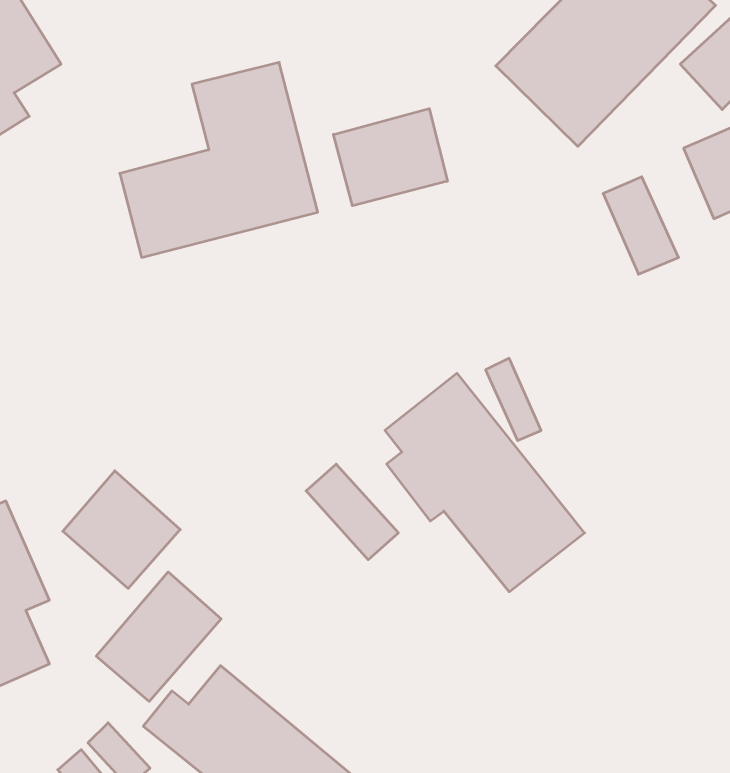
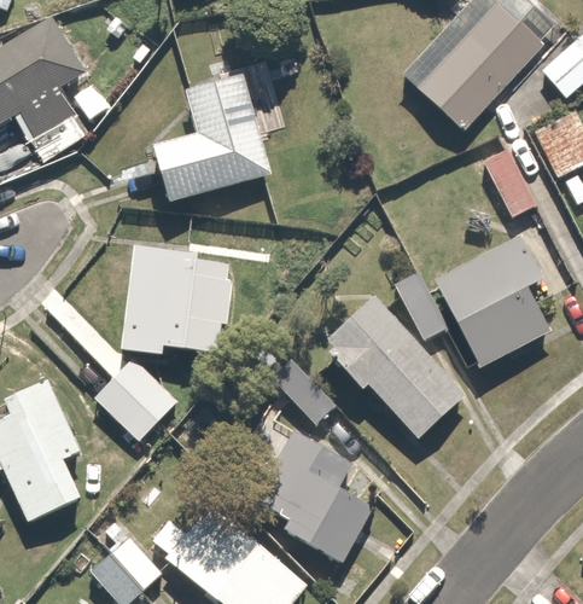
building: [333,109,447,206] -> none
building: none -> [438,236,553,367]
building: none -> [128,246,234,353]
building: none -> [253,425,379,568]
building: [96,572,221,701] -> none

